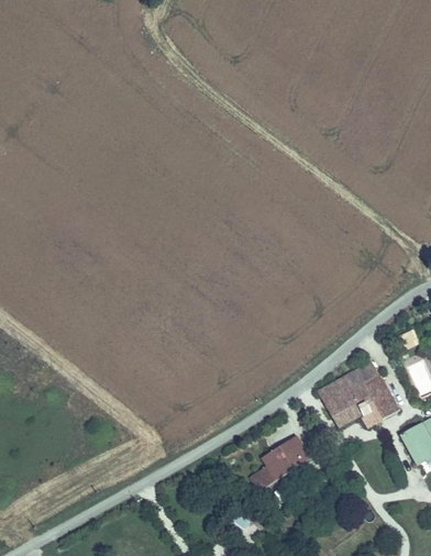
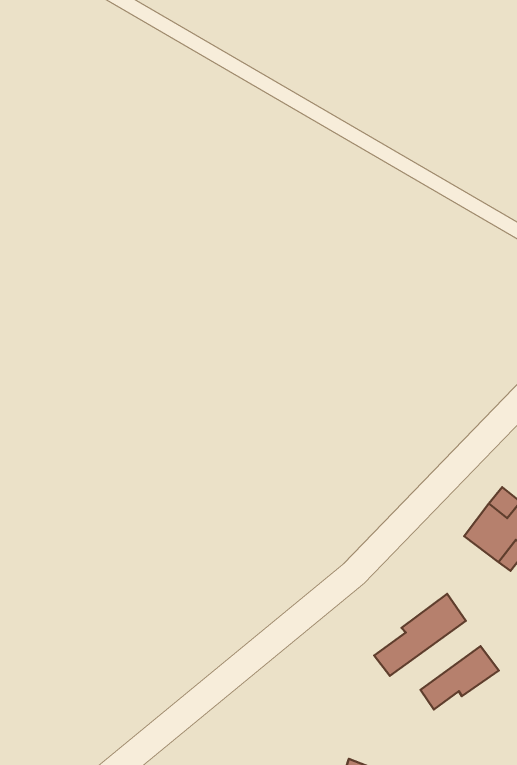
building: none -> [421,646,499,709]

